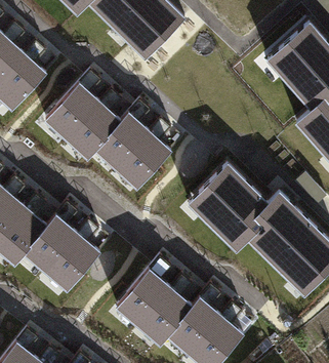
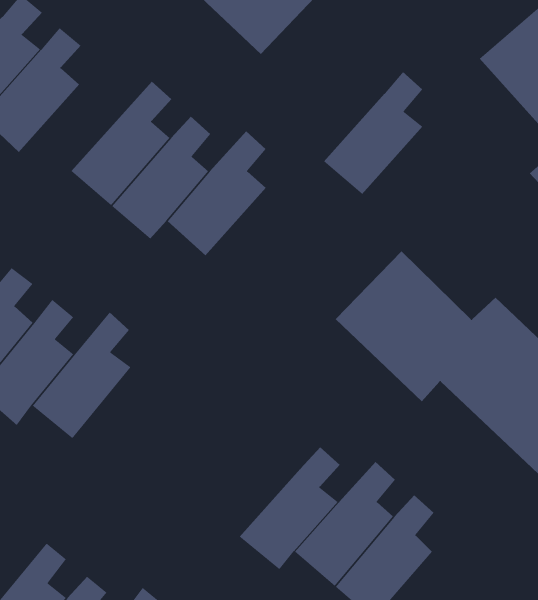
building: [118,120,173,189] -> [323,71,423,195]
building: [44,219,98,289] -> none
building: [115,256,171,326] -> none

